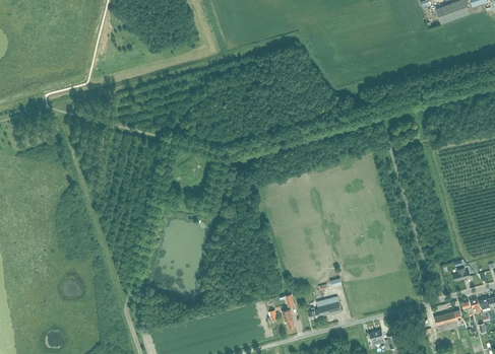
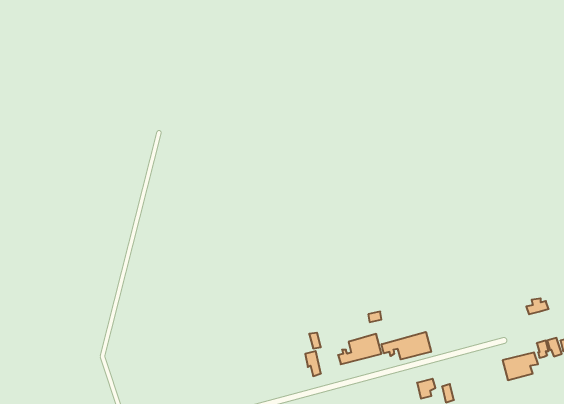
building: none -> [382,332,431,359]

